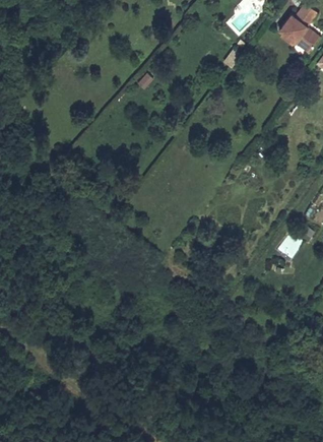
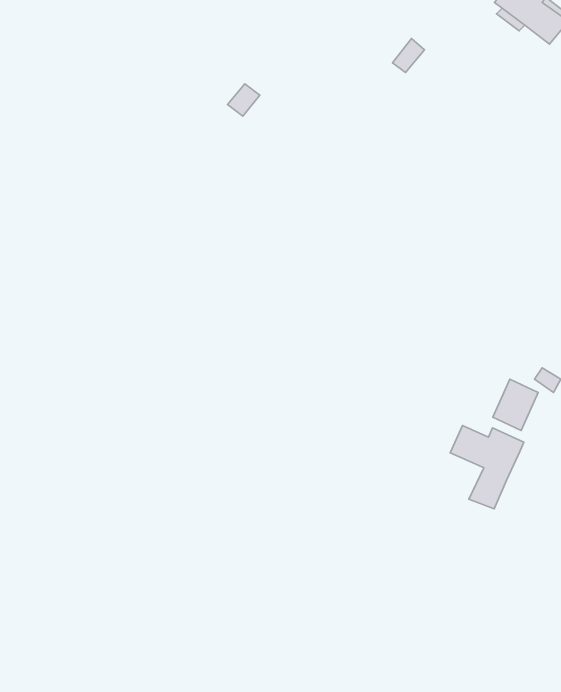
building: none -> [450,426,524,509]

